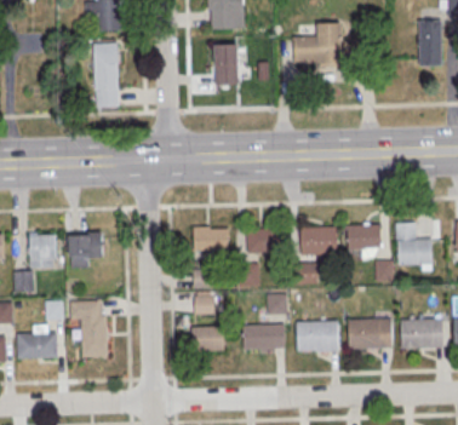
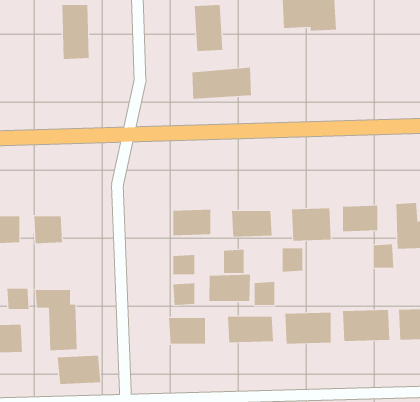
building: none -> [192,67,252,99]
building: none -> [209,274,250,302]
building: none -> [57,355,101,385]

